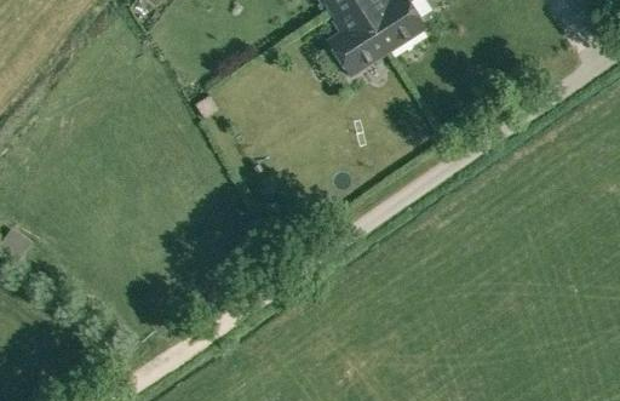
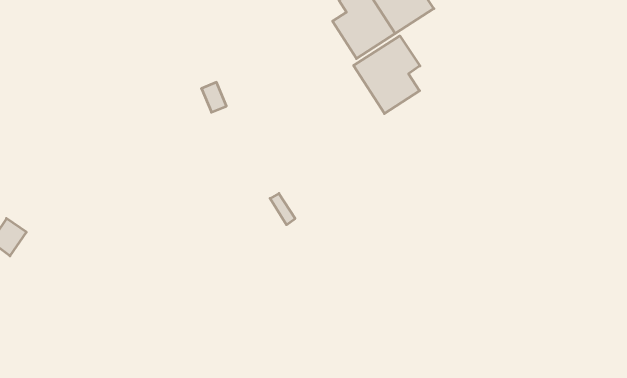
building: none -> [354,36,420,114]

